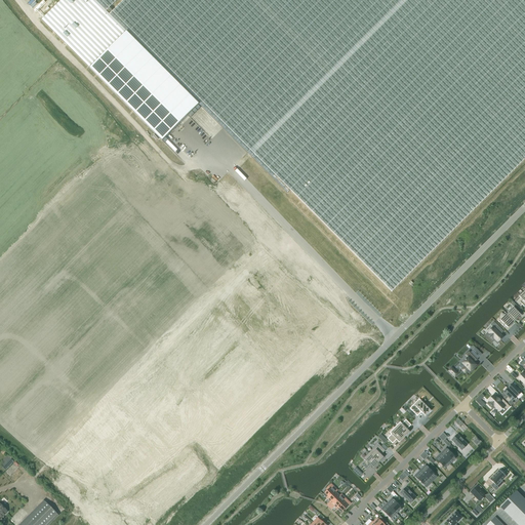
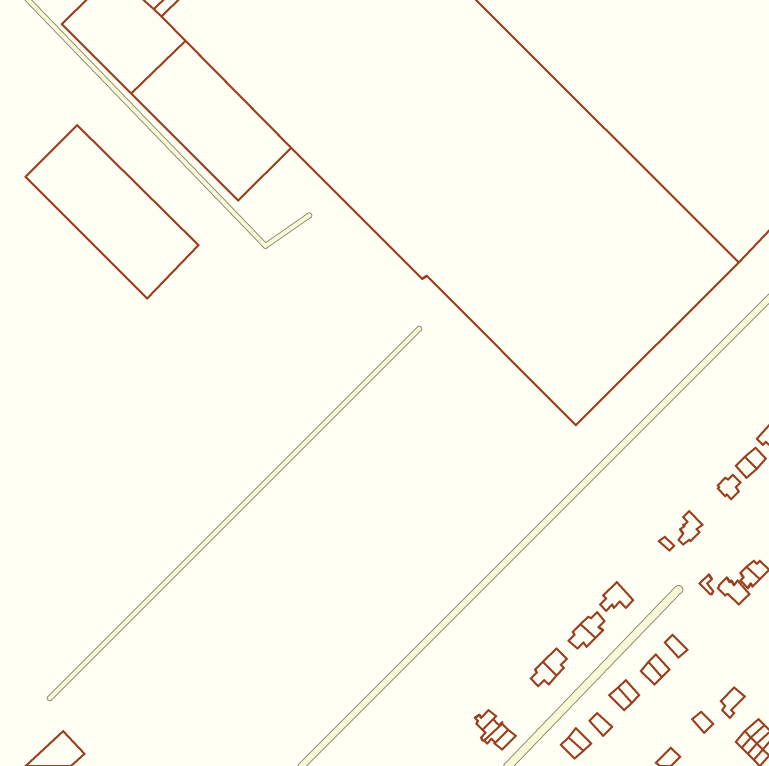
building: none -> [26,125,199,298]

